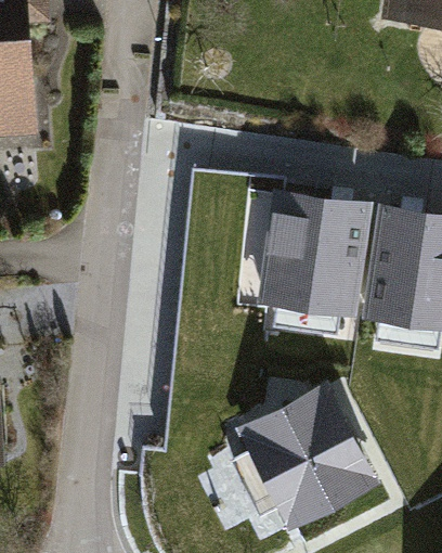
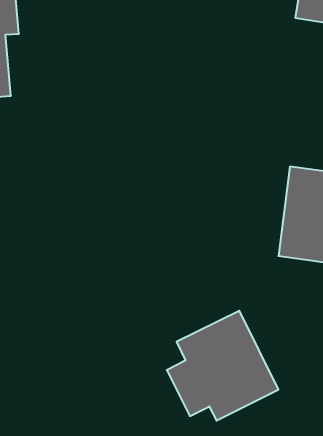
building: [261,194,362,316] -> none

